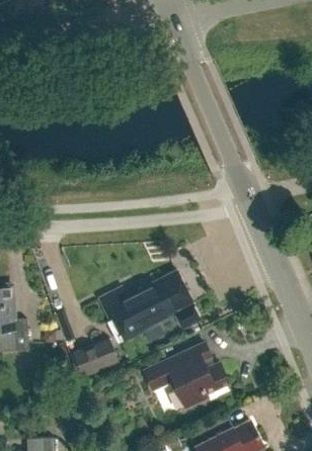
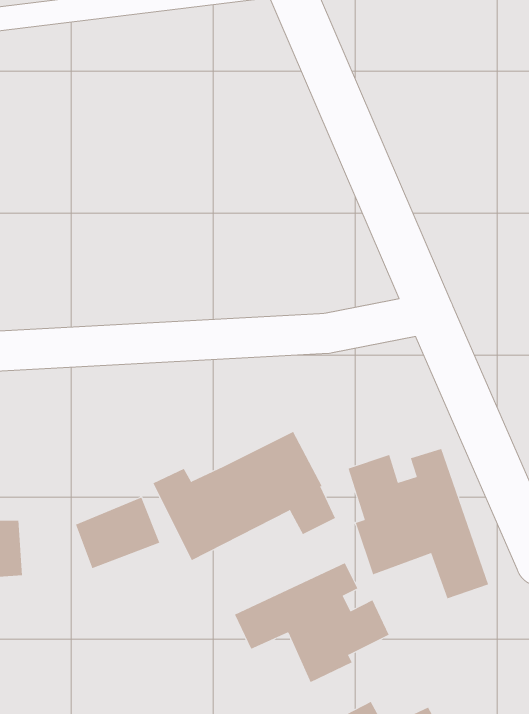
building: none -> [348,448,489,599]
building: [73,338,120,377] -> [75,497,160,569]

